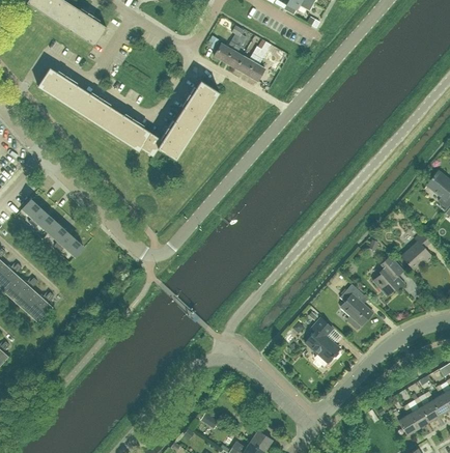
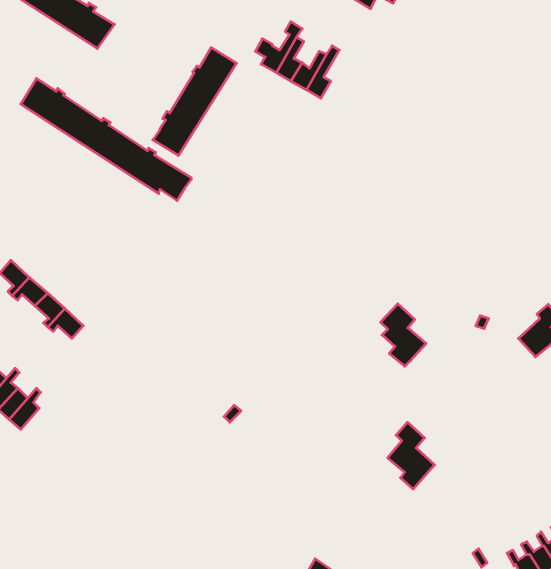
building: [157,80,218,159] -> [153,48,237,156]
building: [372,256,403,296] -> none
building: [339,284,372,330] -> [381,304,426,366]

